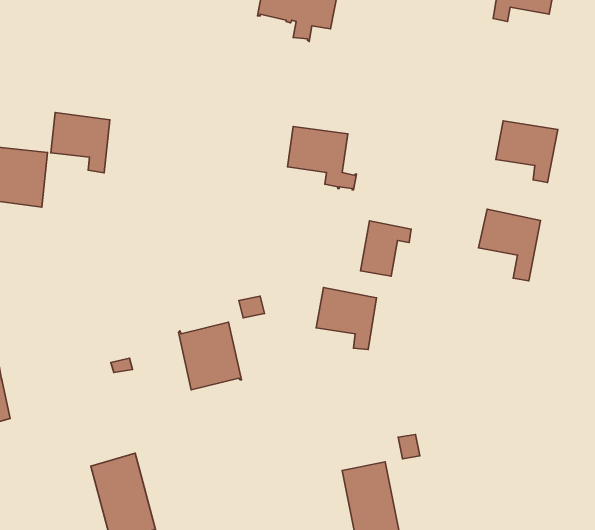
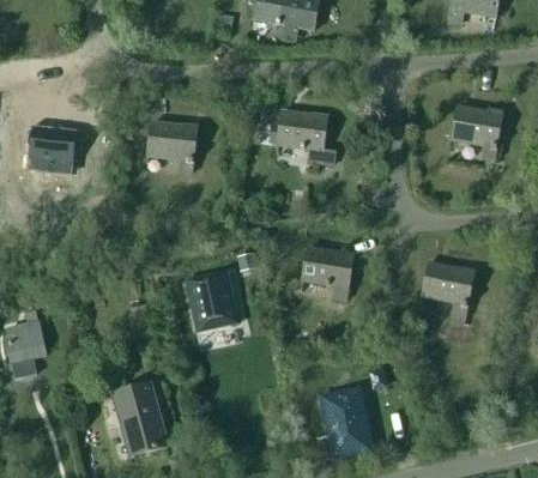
building: [51,112,110,173] -> [147,121,197,171]
building: [479,209,540,281] -> [422,261,473,321]
building: [360,221,411,276] -> none

